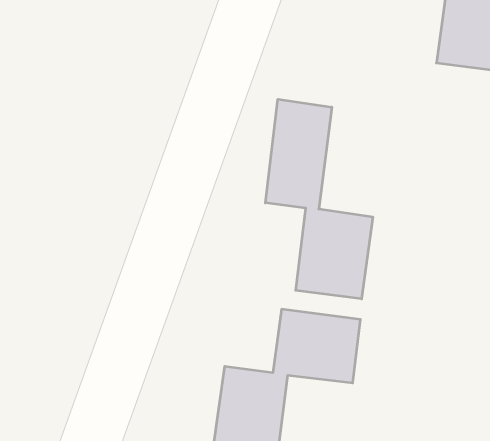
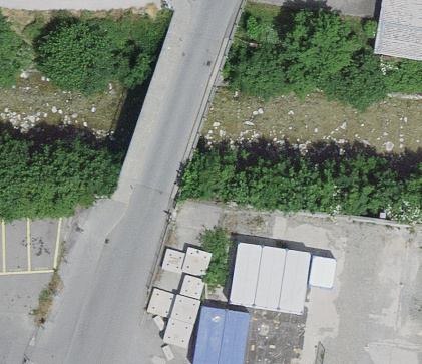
building: [265,99,373,299] -> none

